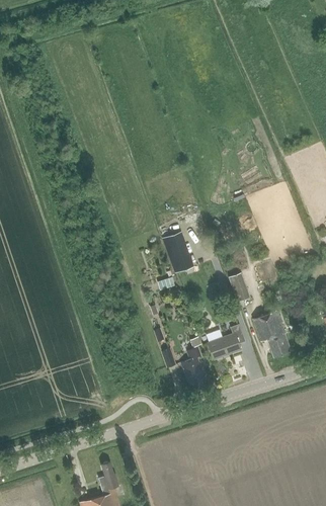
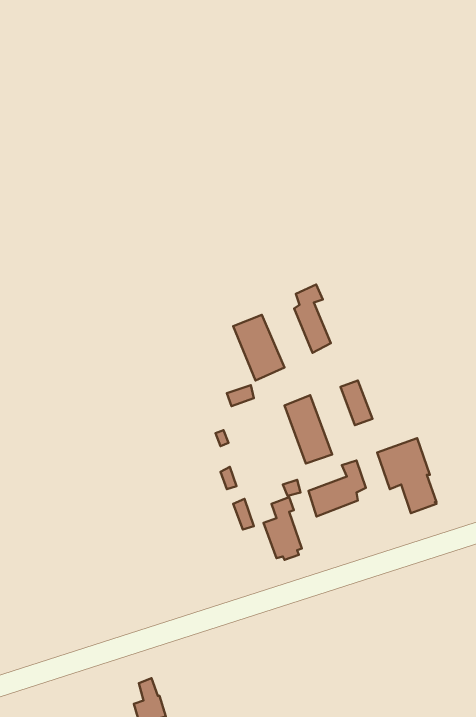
building: none -> [294,285,331,353]
building: none -> [285,395,332,463]

